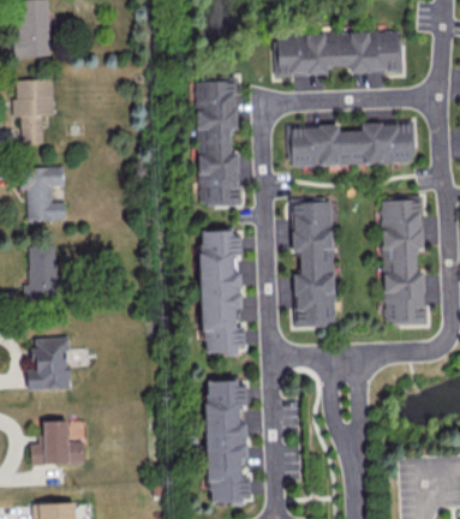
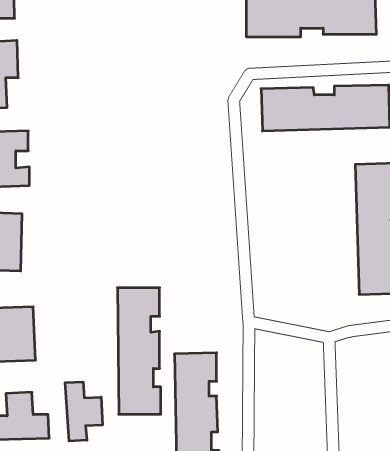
building: [196,79,251,205] -> none
building: [292,199,335,326] -> none
building: [201,231,243,353] -> [117,288,161,414]
building: none -> [65,382,102,441]

